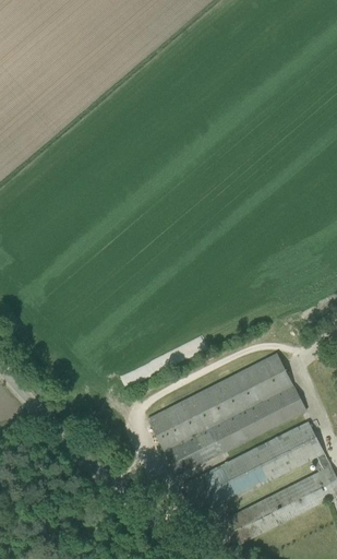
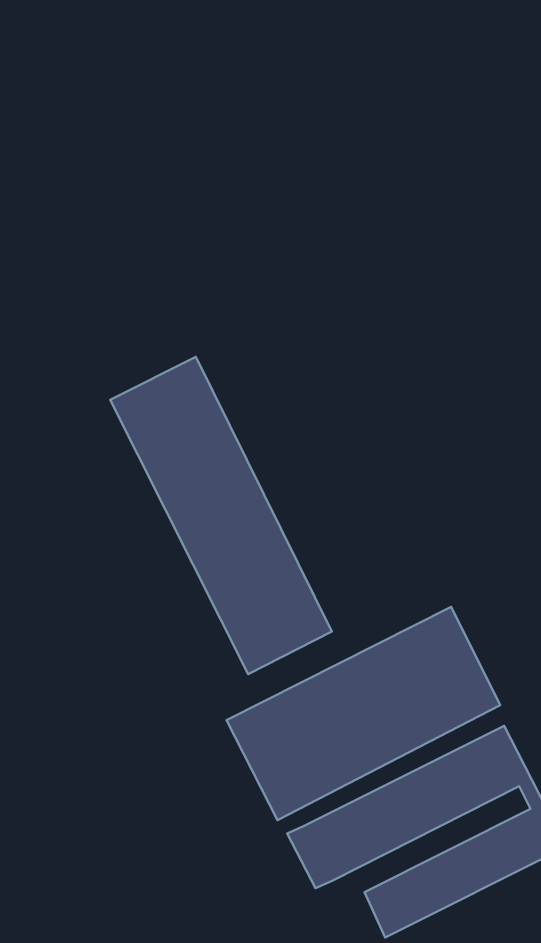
building: none -> [110,357,332,674]

